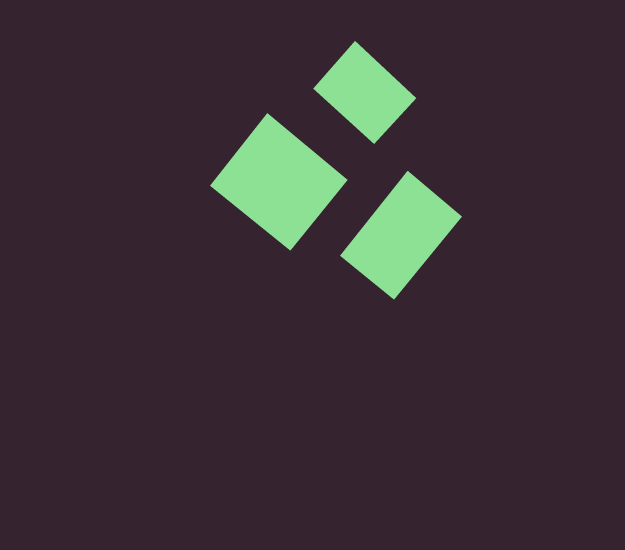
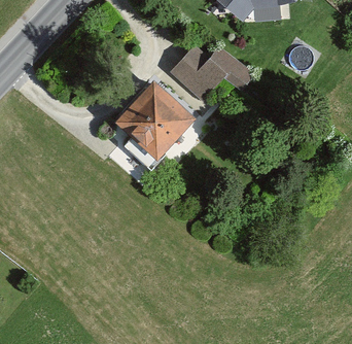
building: [339,169,463,301] -> none

